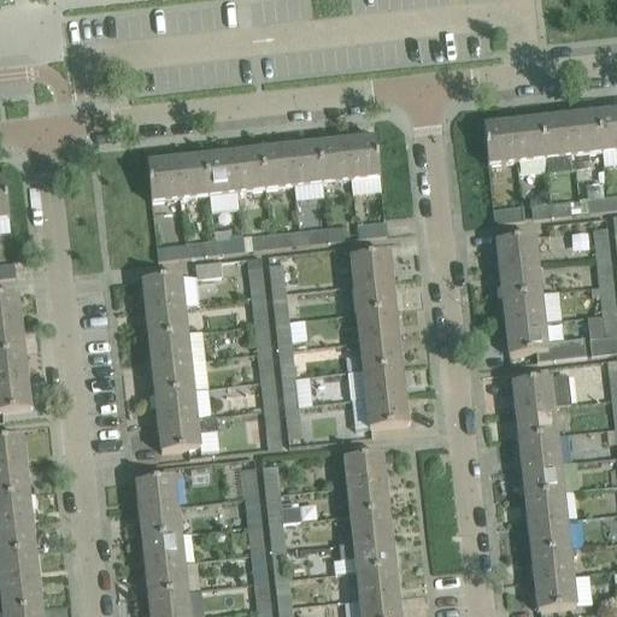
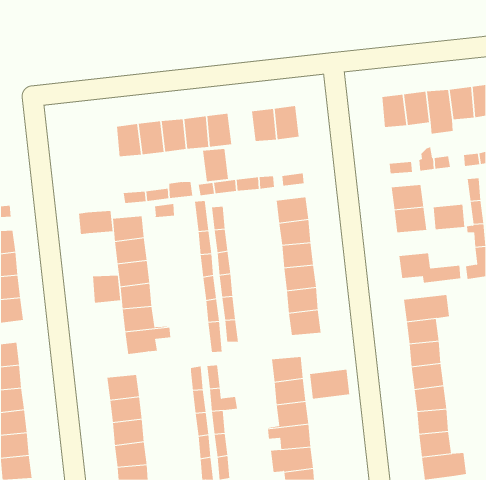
building: [289,141,323,183] -> [202,149,229,182]
building: none -> [79,210,113,235]
building: [503,292,543,324] -> [433,204,465,230]
building: none -> [93,275,121,303]
building: none -> [309,369,350,399]

